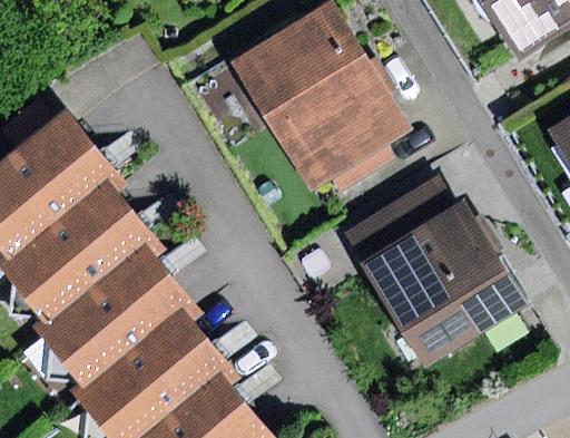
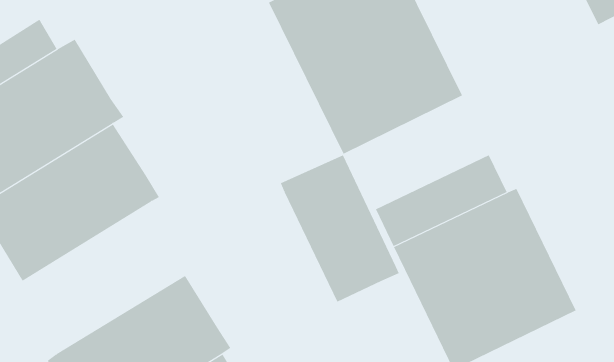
building: none -> [280,155,399,302]
building: [37,247,191,388] -> none

